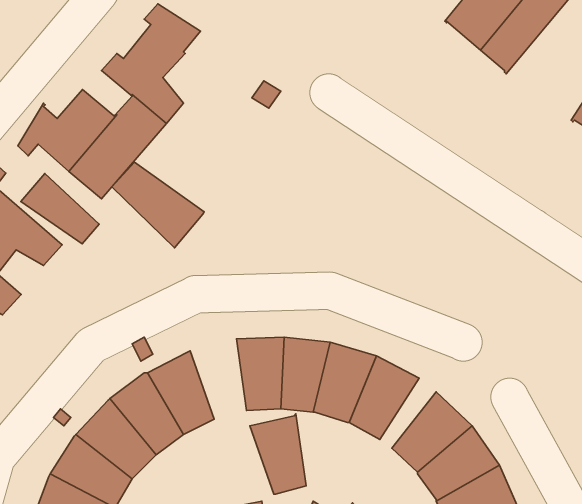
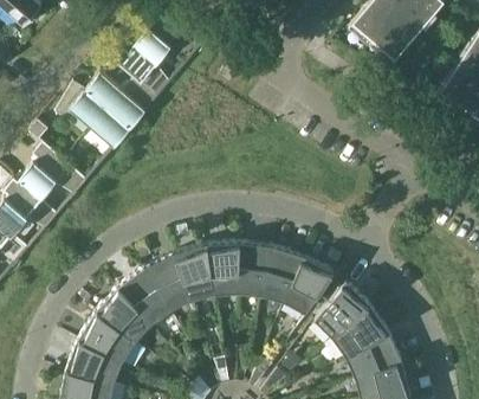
building: [112,162,204,248] -> none
building: [21,173,99,244] -> none
building: [250,414,306,494] -> [175,245,214,301]

